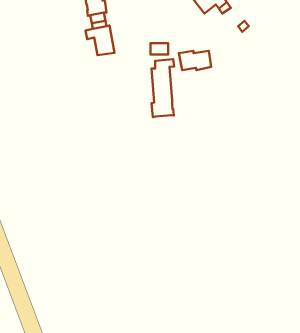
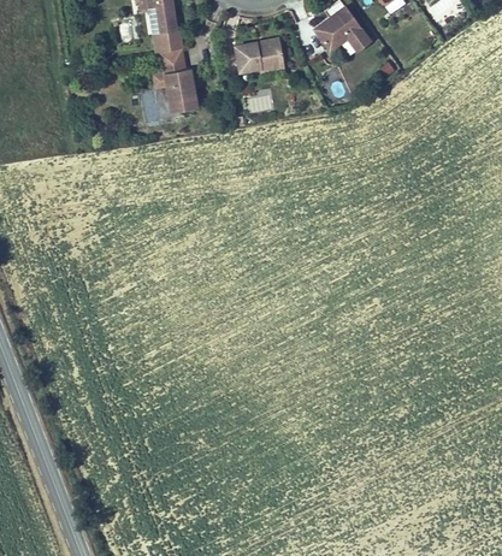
building: [179,51,211,70] -> [235,41,283,70]
building: [151,59,174,117] -> none

